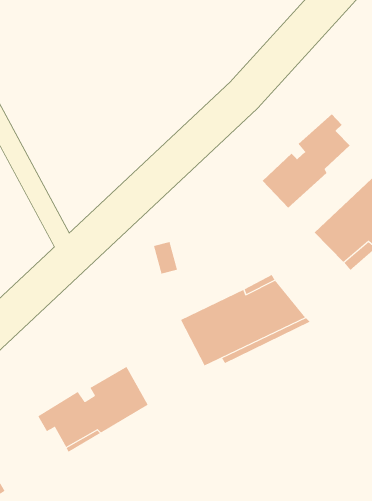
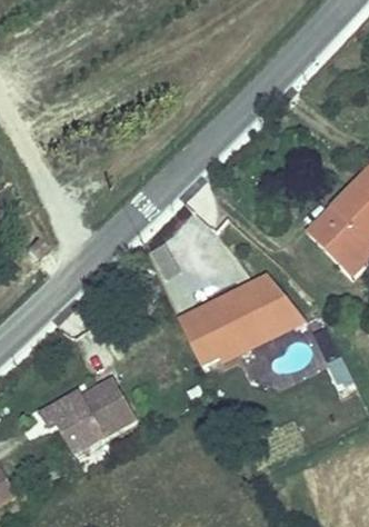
building: [262,113,350,208] -> none

